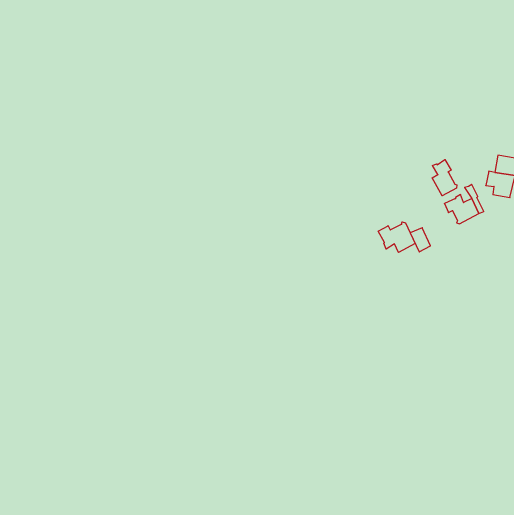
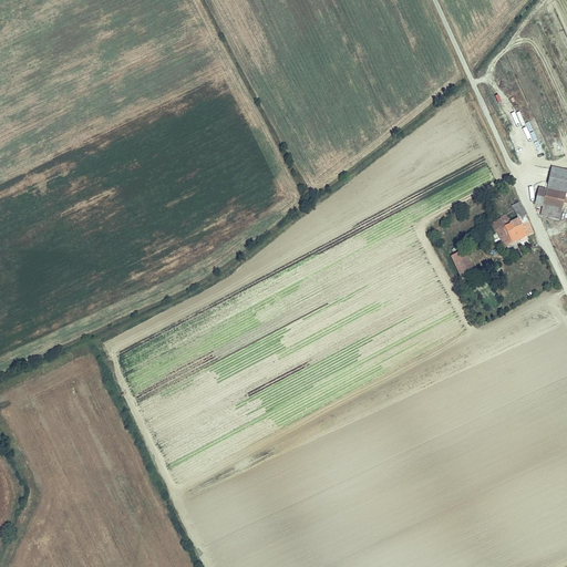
building: [432,160,457,196] -> none
building: [378,222,415,252] -> none

